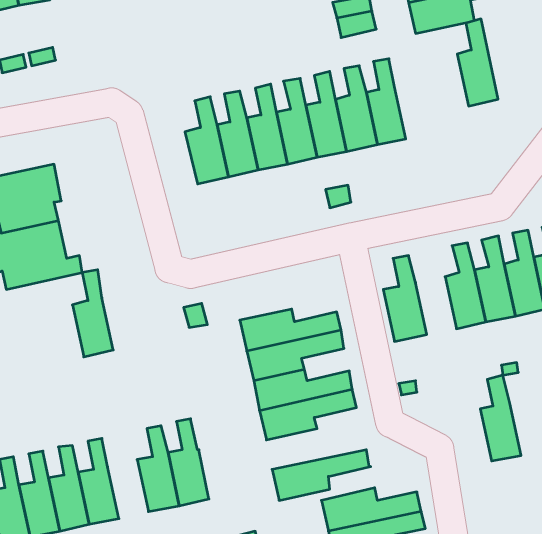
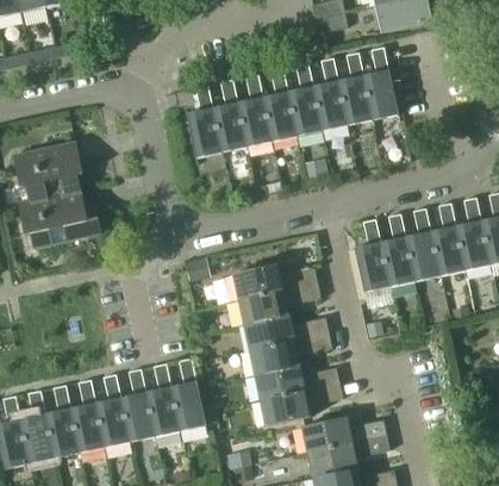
building: [457,19,498,106] -> [363,46,398,120]
building: [72,270,113,357] -> [120,368,155,442]
building: [480,375,521,461] -> [381,213,416,286]
building: none -> [255,366,339,400]

